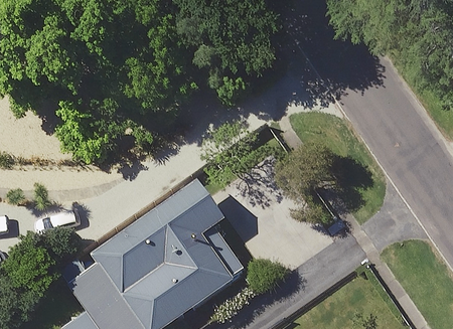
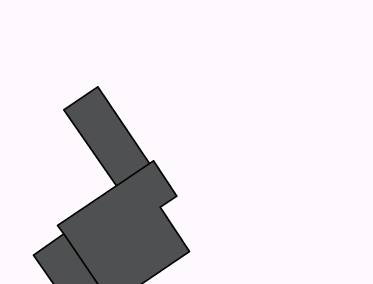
building: none -> [64,87,149,186]

